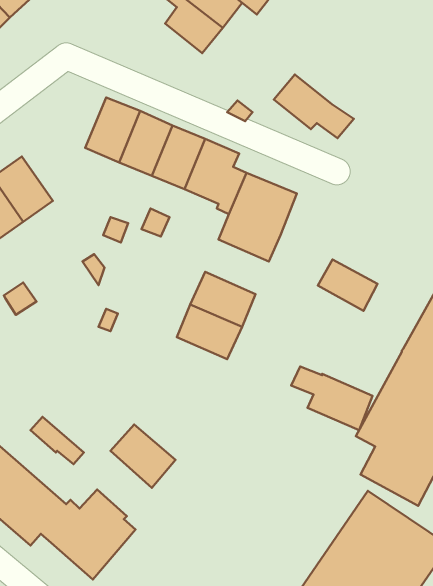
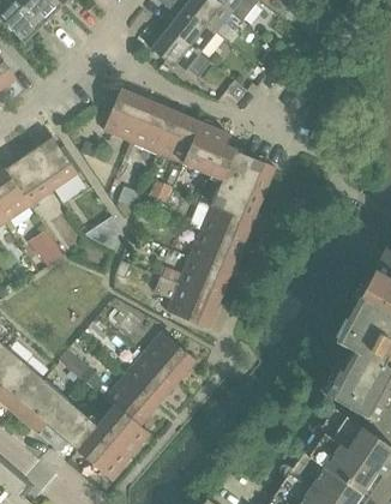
building: [274,74,354,138] -> [151,29,216,80]
building: none -> [200,204,252,248]
building: [318,259,377,311] -> none
building: [291,366,373,430] -> [152,277,218,329]
building: none -> [143,331,196,383]
building: none -> [103,376,157,428]

